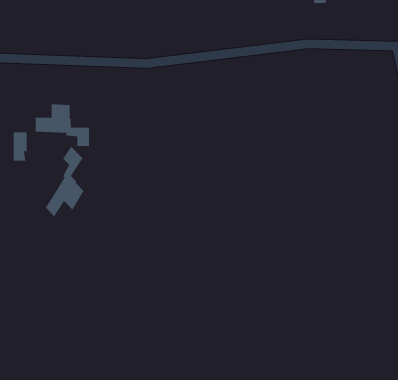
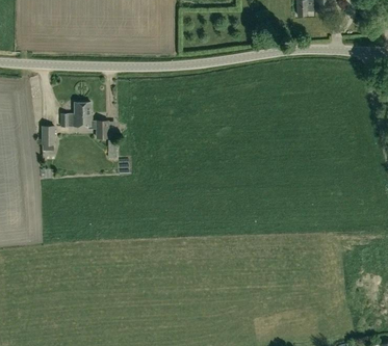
building: [45,146,84,217] -> none

